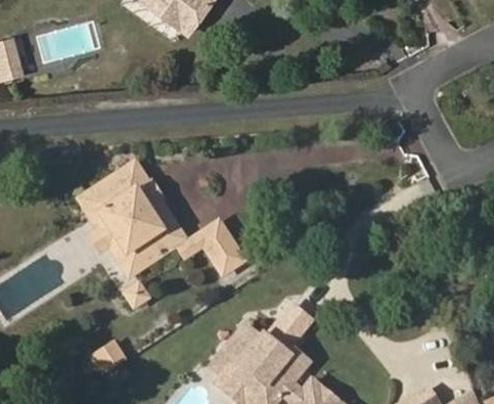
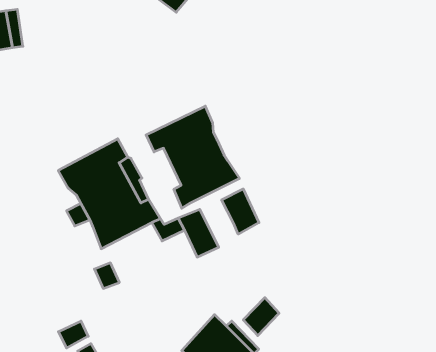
building: none -> [146,106,239,208]
building: none -> [222,189,259,234]

